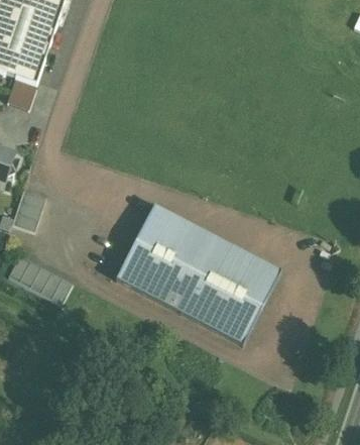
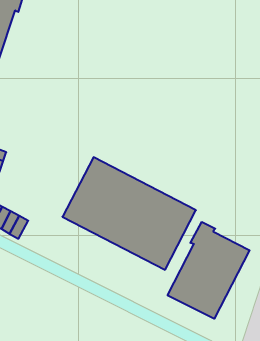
building: none -> [168,222,250,319]

